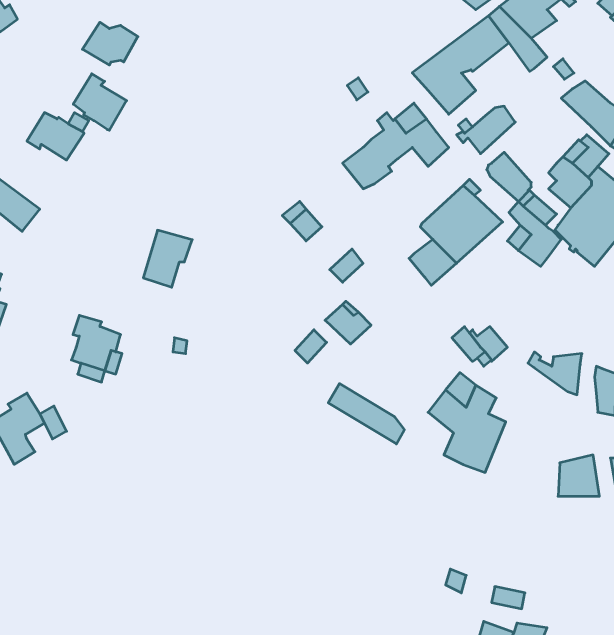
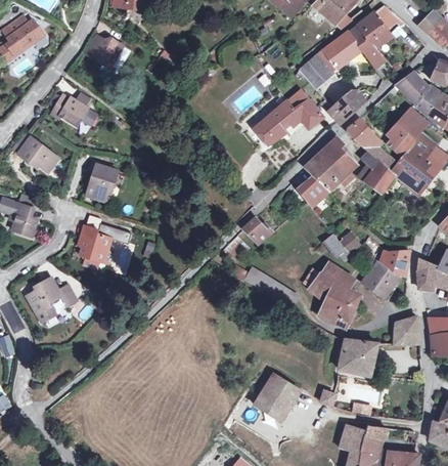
building: [73,74,127,130] -> none
building: [143,230,192,287] -> [86,164,118,201]
building: none -> [362,259,399,296]
building: none -> [338,339,376,375]
building: none -> [254,373,300,420]

